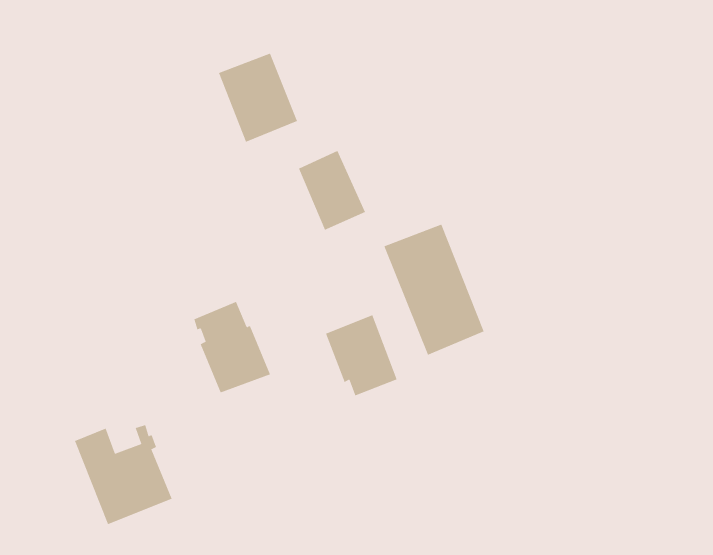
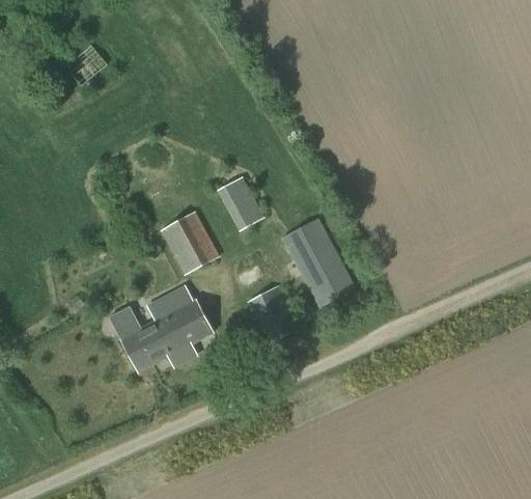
building: [218,53,298,143] -> [161,212,219,275]
building: [74,425,172,525] -> [109,302,180,373]

